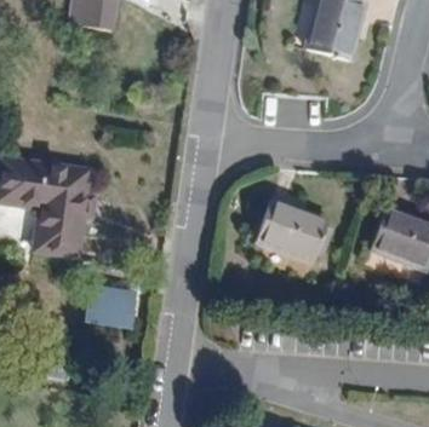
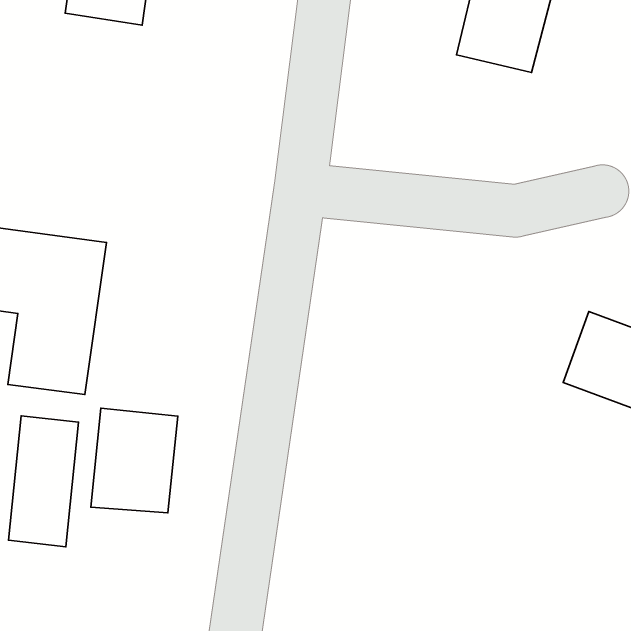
building: [256,196,333,266] -> none
building: none -> [9,416,78,547]

